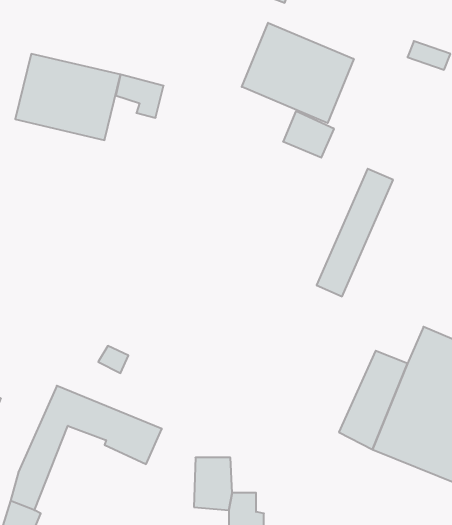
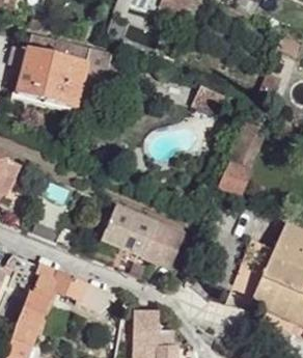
building: [242,23,354,123] -> none
building: none -> [101,203,183,267]

